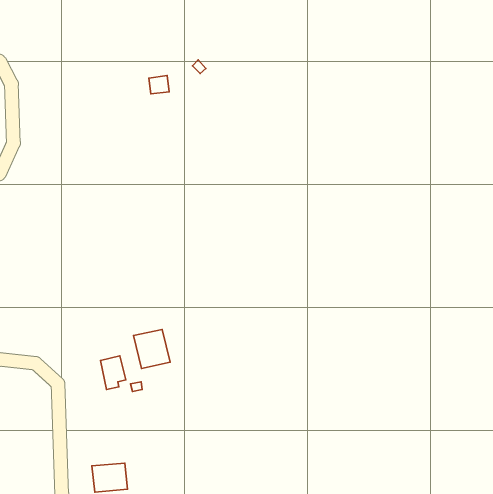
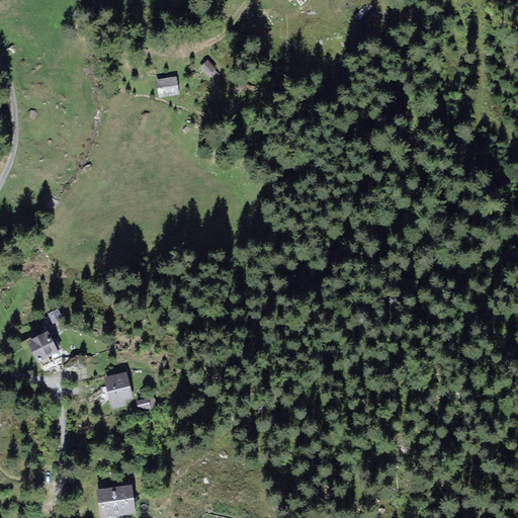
building: none -> [28,331,57,360]
building: [134,329,170,368] -> none

